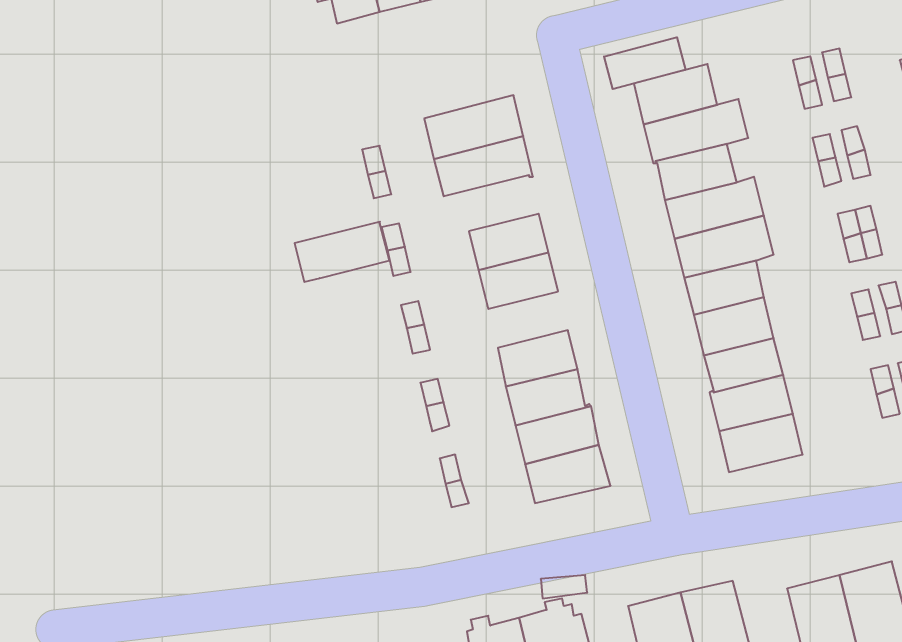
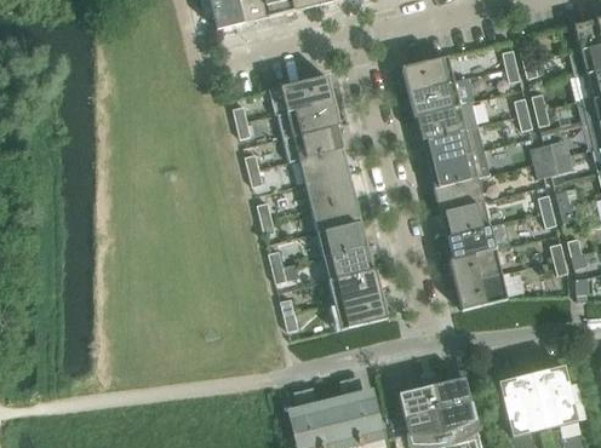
building: [604,37,686,89] -> none
building: [295,222,390,282] -> [284,124,343,161]
building: none -> [311,196,361,231]

